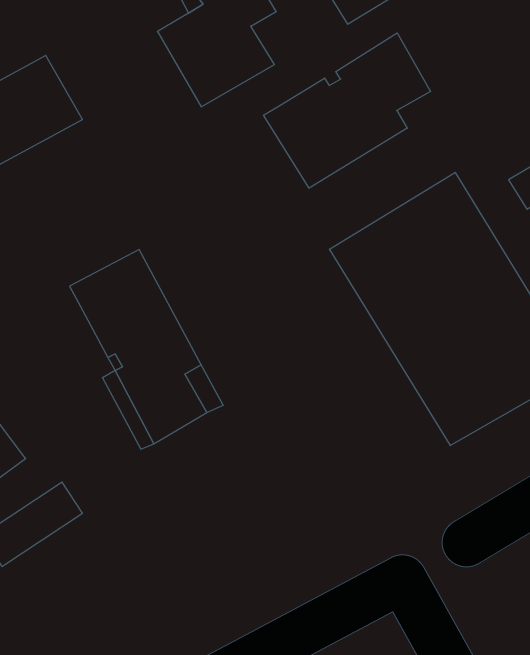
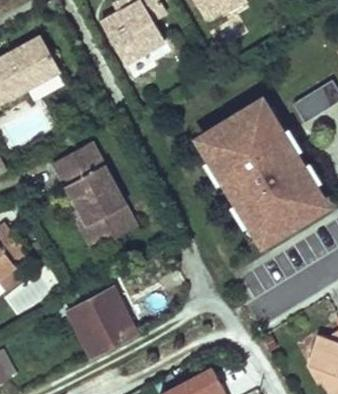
building: [264,33,431,188] -> none
building: none -> [67,286,136,357]

